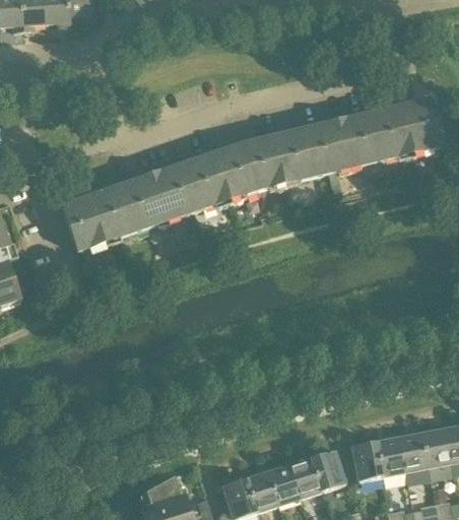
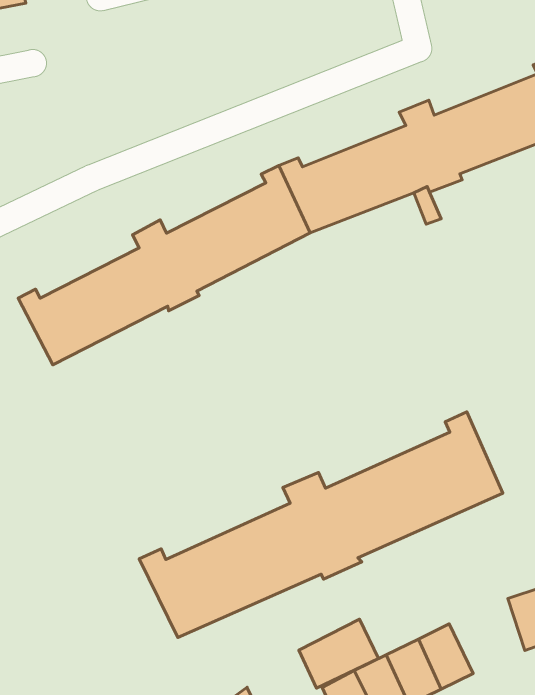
building: none -> [139,412,503,638]
building: none -> [299,619,379,688]
building: [312,448,346,490] -> none

